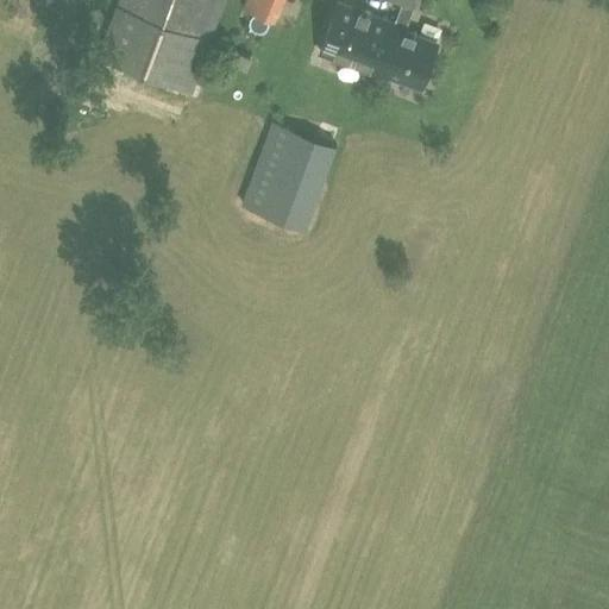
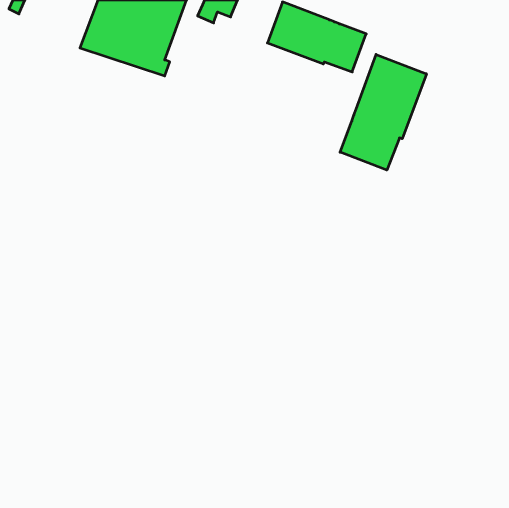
building: none -> [340,54,426,170]
building: [240,121,338,228] -> none

